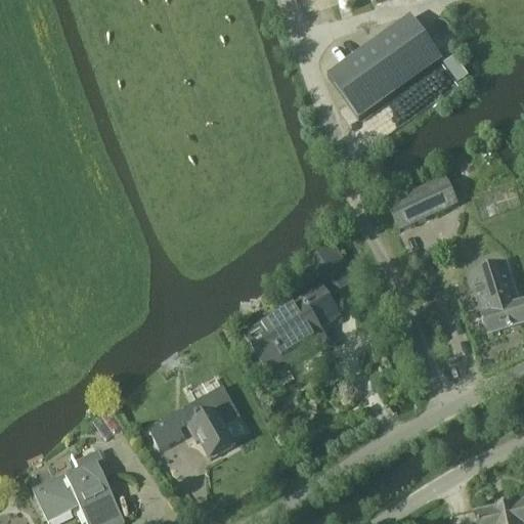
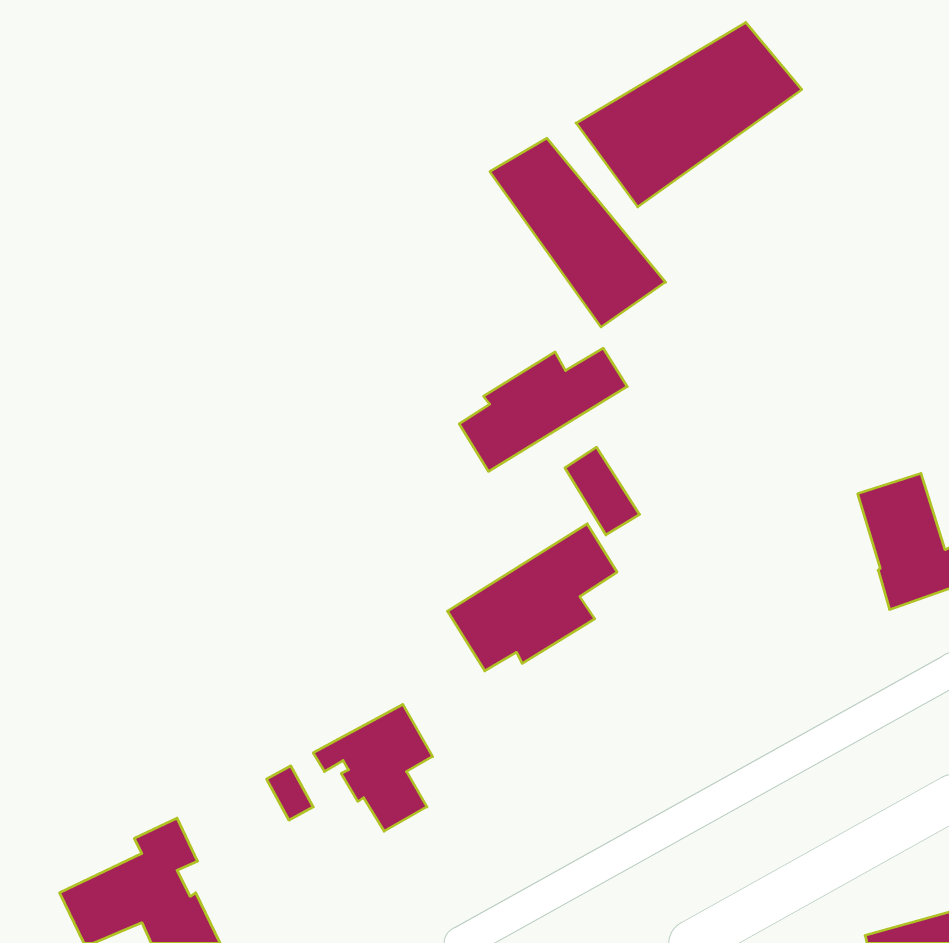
building: none -> [490,138,666,327]
building: [391,183,447,230] -> none
building: none -> [459,348,627,471]

